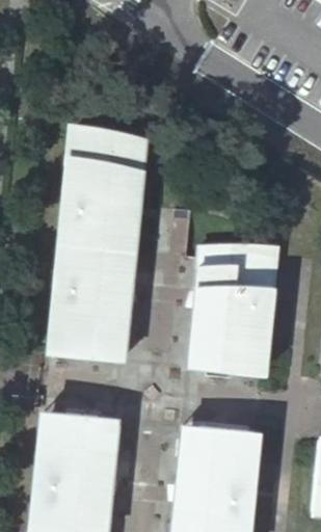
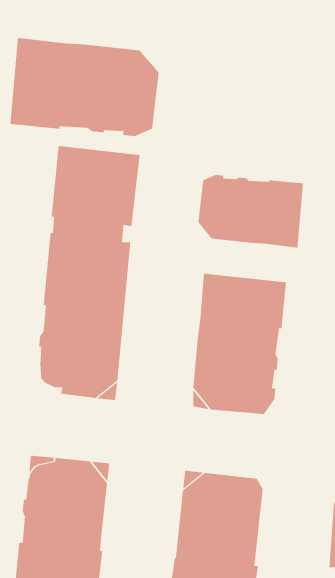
building: none -> [10,37,159,137]
building: none -> [198,174,304,248]

